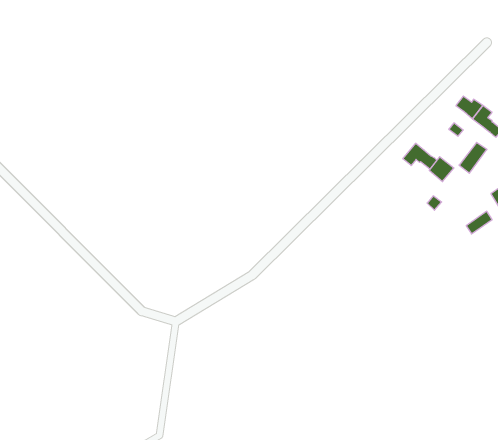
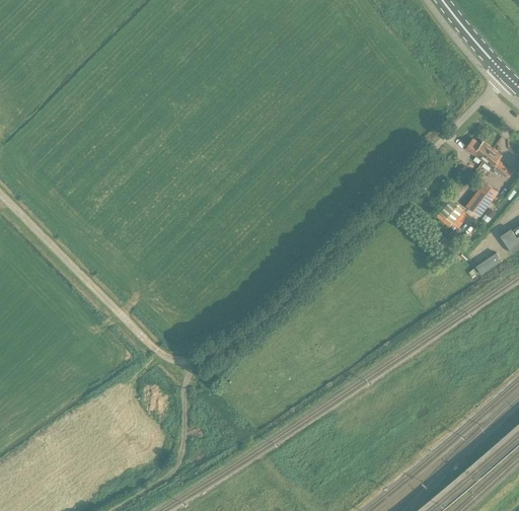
building: [403,143,437,169] -> none

